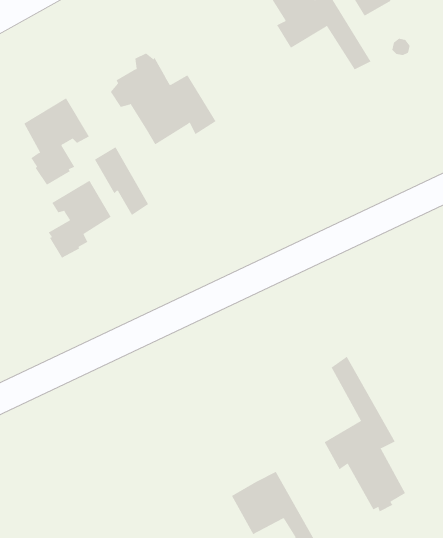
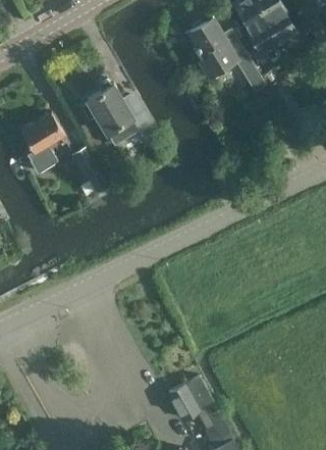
building: [48,180,111,258] -> none
building: [324,356,406,512] -> none

